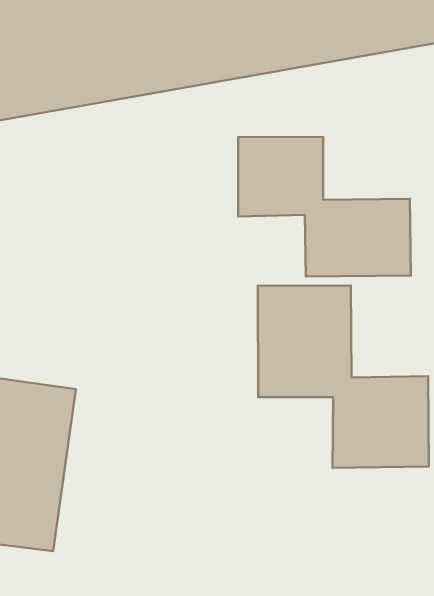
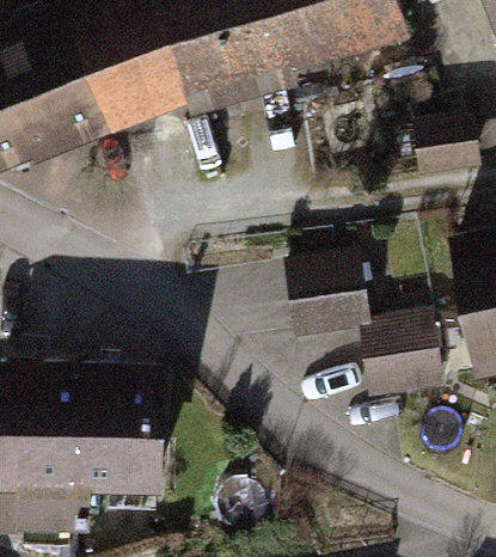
building: [238,137,411,277] -> none

